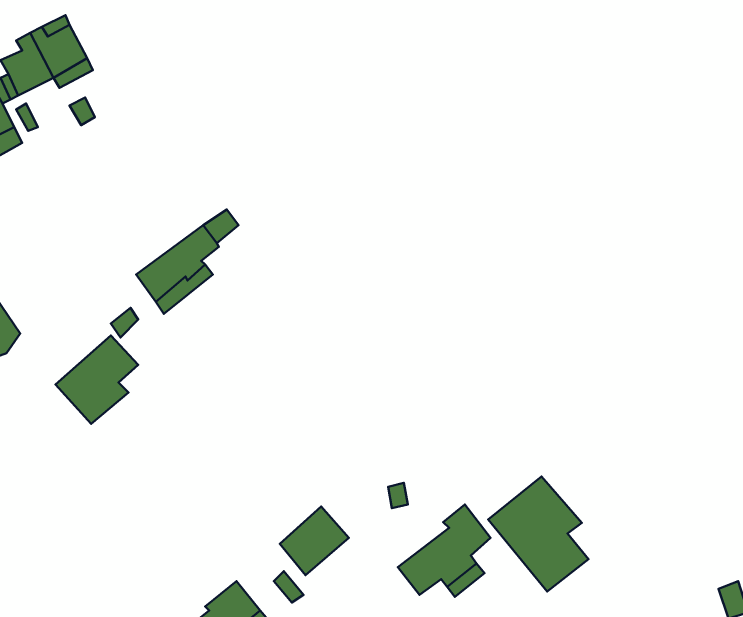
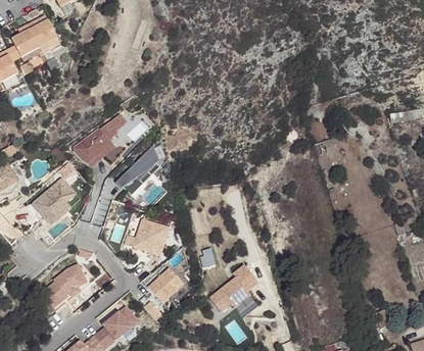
building: none -> [119,146,162,195]
building: none -> [134,217,171,255]
building: [488,476,588,592] -> none
building: none -> [43,261,96,310]

